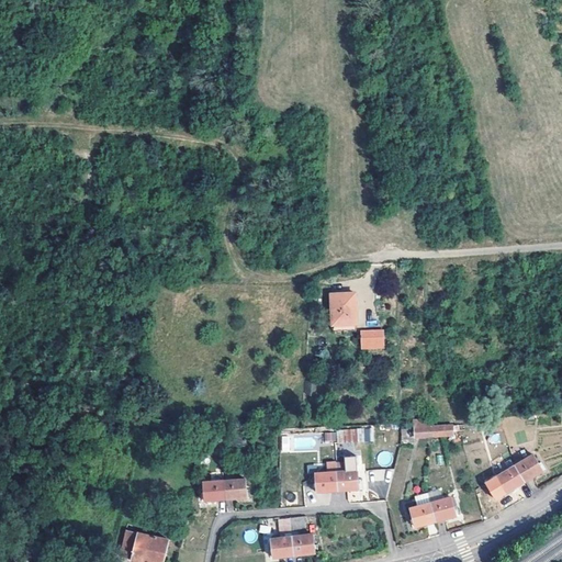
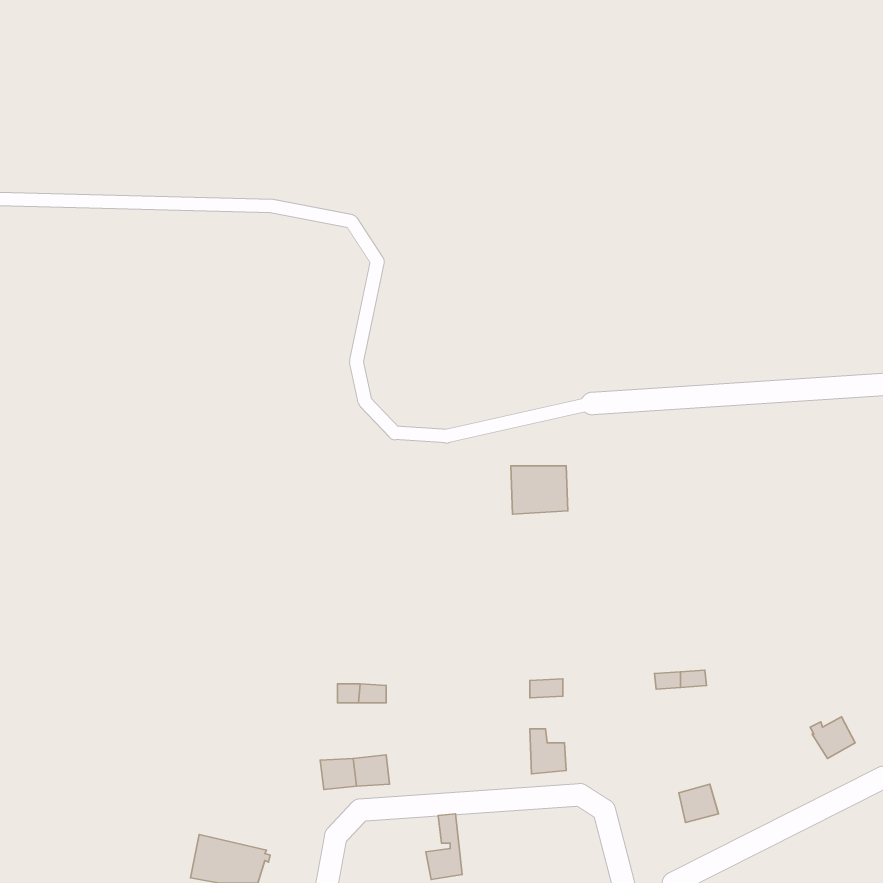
building: [359,328,383,349] -> none
building: [496,460,525,493] -> none
building: [315,461,337,492] -> none
building: [409,493,435,527] -> none
building: [289,515,315,554] -> none

